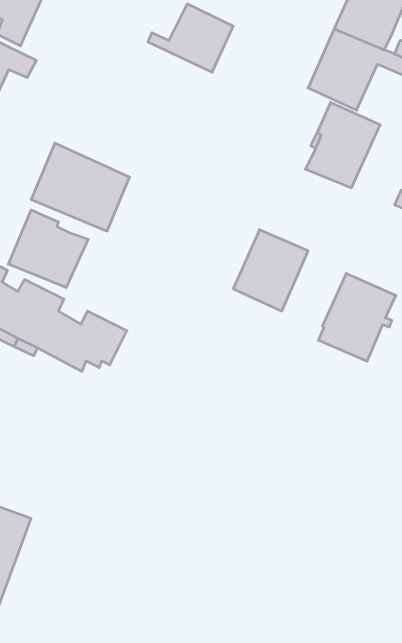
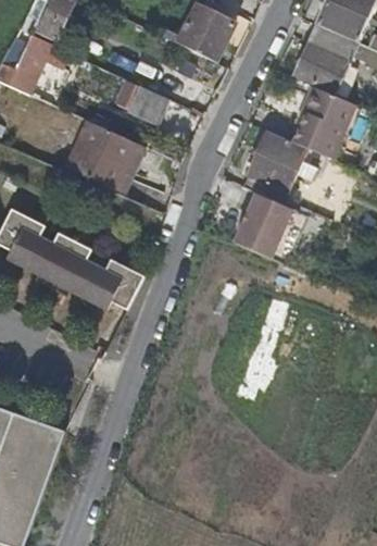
building: none -> [127,84,168,123]
building: [8,210,88,288] -> none
building: [318,273,396,361] -> [242,131,306,203]

